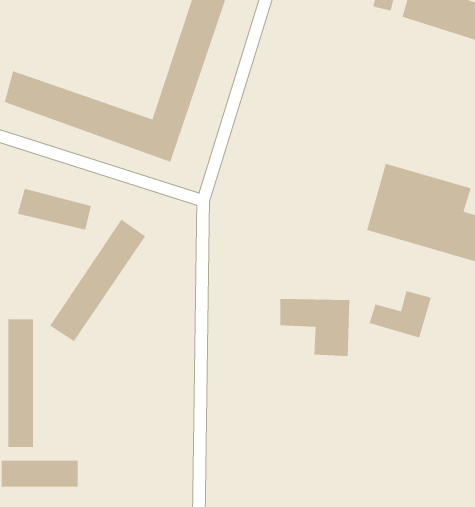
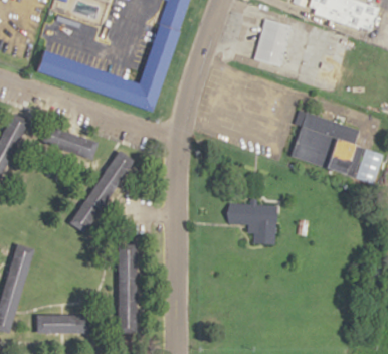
building: none -> [252,19,288,66]
building: [368,290,432,339] -> none
building: [7,319,34,448] -> [119,245,137,334]

